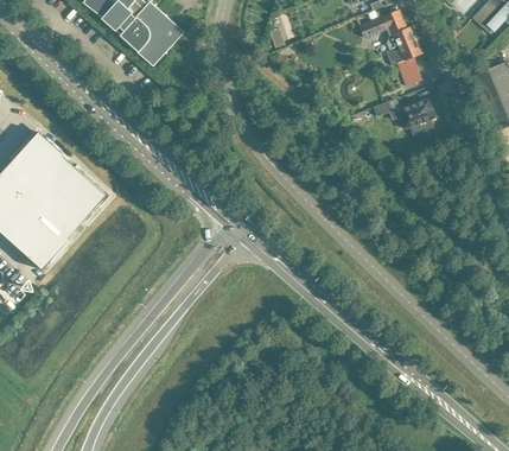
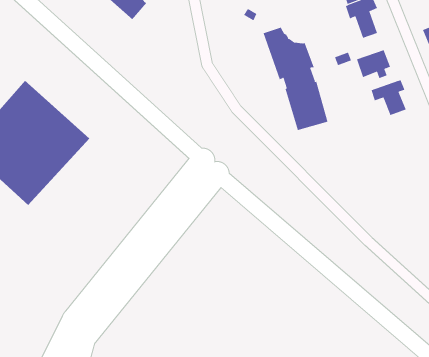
building: none -> [263,26,328,131]
building: none -> [371,80,406,116]

